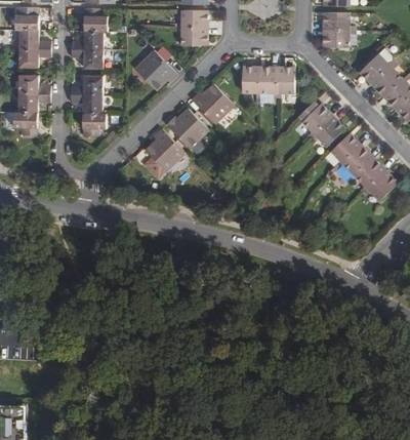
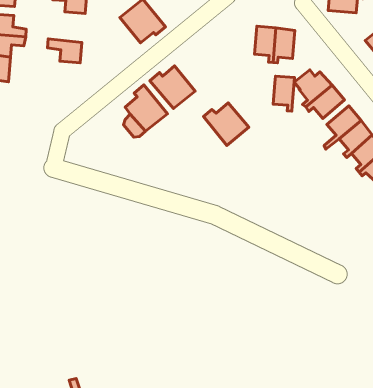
building: [241,67,258,97] -> [273,76,294,111]
building: [70,76,101,94] -> none
building: [191,84,233,123] -> [203,103,249,146]
building: [82,113,106,135] -> none

